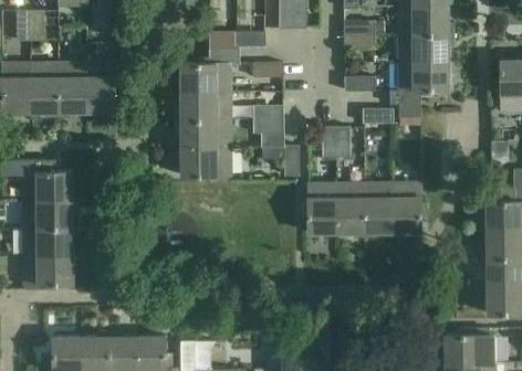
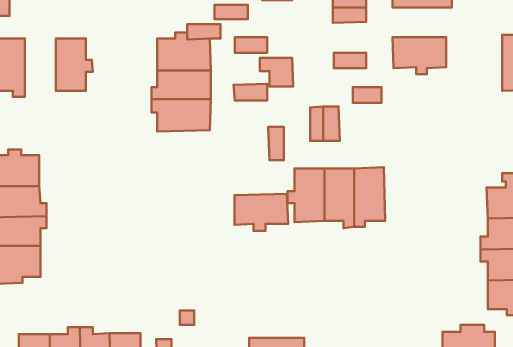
building: [399,34,455,62] -> none
building: [59,63,87,117] -> none
building: [390,89,421,117] -> none
building: [253,120,284,147] -> [260,58,293,87]
building: [181,148,231,182] -> [234,194,288,231]
building: [392,182,427,232] -> none

